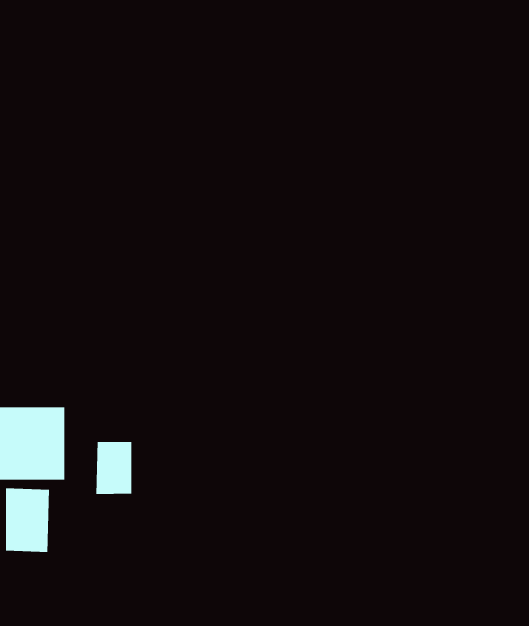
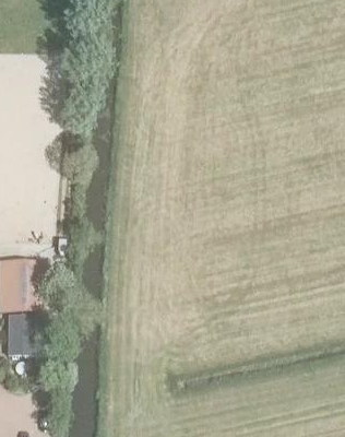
building: [96,441,132,495] -> none

